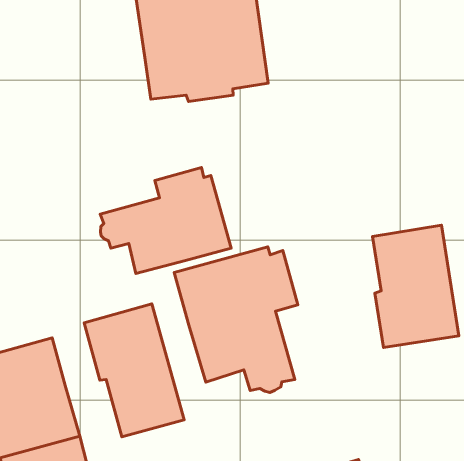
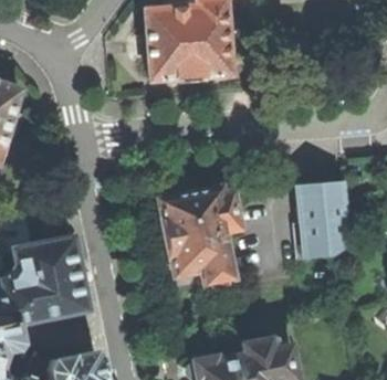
building: [100,167,231,274] -> none
building: [84,304,184,437] -> none

